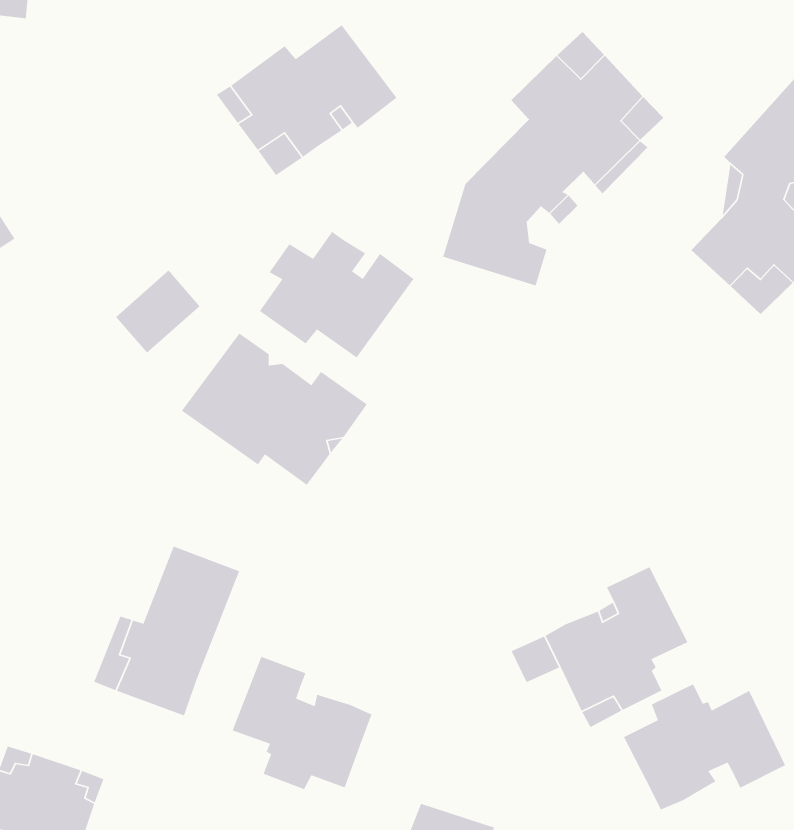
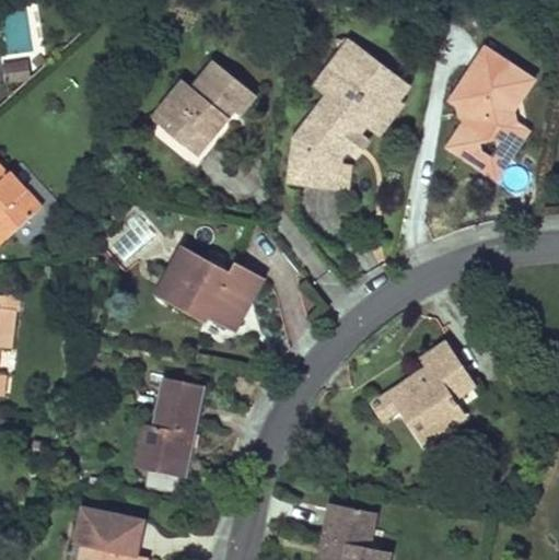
building: [259,231,414,358] -> none
building: [231,656,373,790] -> none
building: [623,683,786,811] -> none

